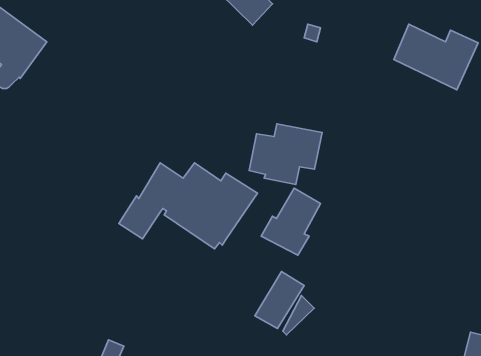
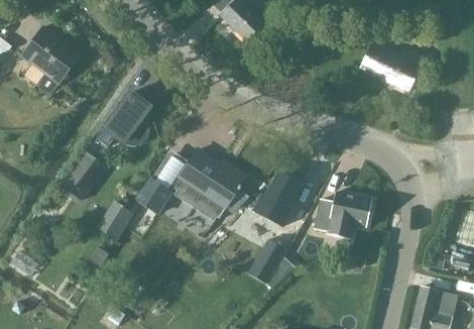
building: none -> [97,91,151,146]
building: [249,124,322,184] -> [314,191,372,239]
building: none -> [62,152,100,200]
building: none -> [101,202,133,237]

